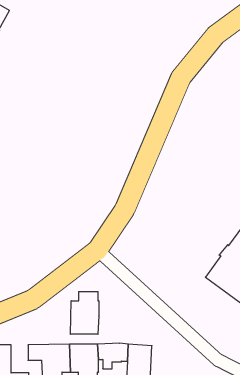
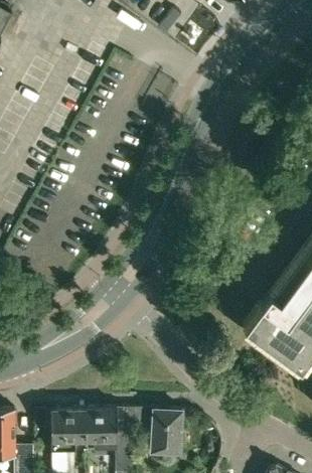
building: [70,292,99,334] -> none

